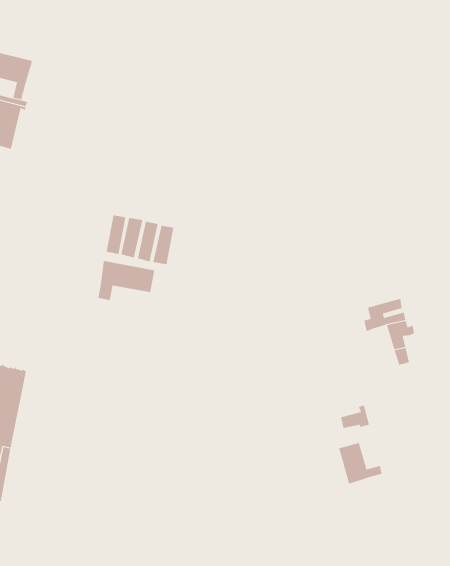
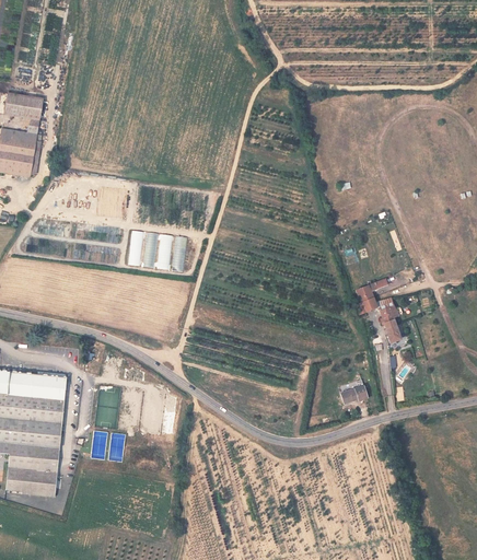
building: [98,260,155,301] -> none
building: [339,442,382,484] -> none

